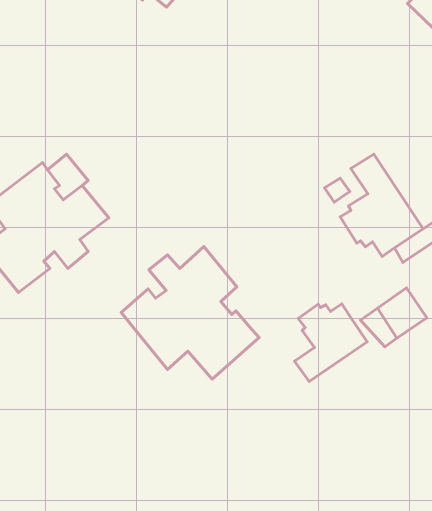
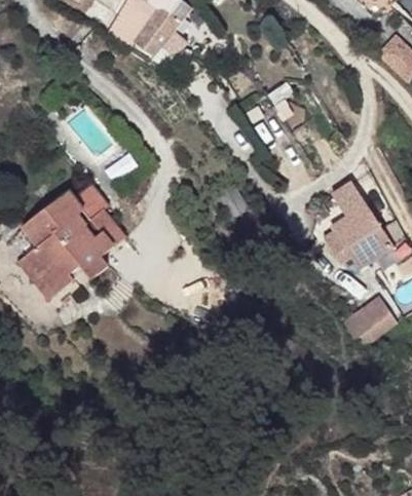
building: [121,247,259,379] -> none
building: [295,304,367,382] -> none

